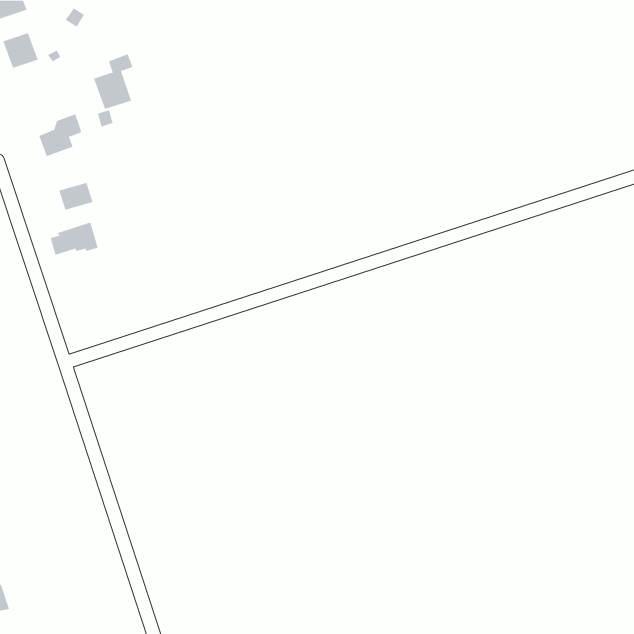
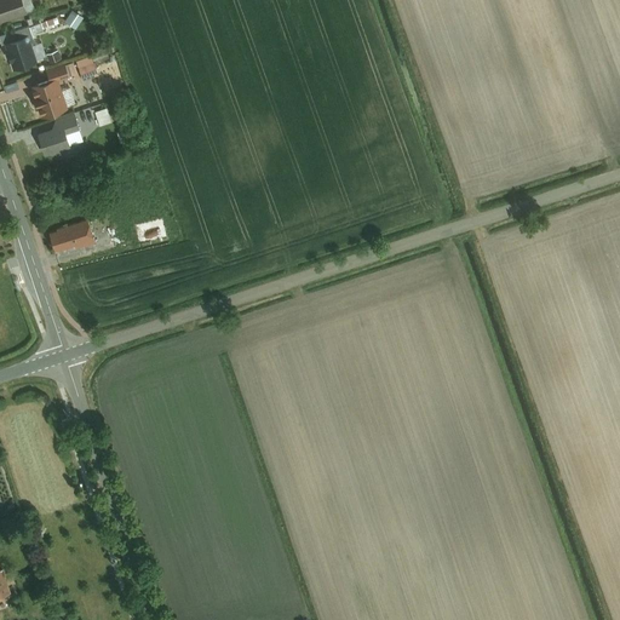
building: [93,54,133,110] -> [29,63,68,117]
building: [59,182,93,210] -> none

